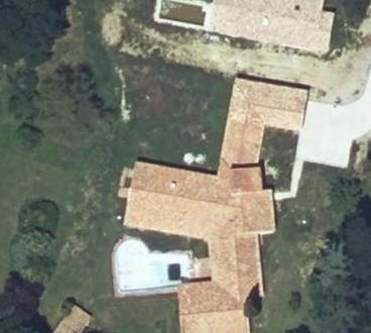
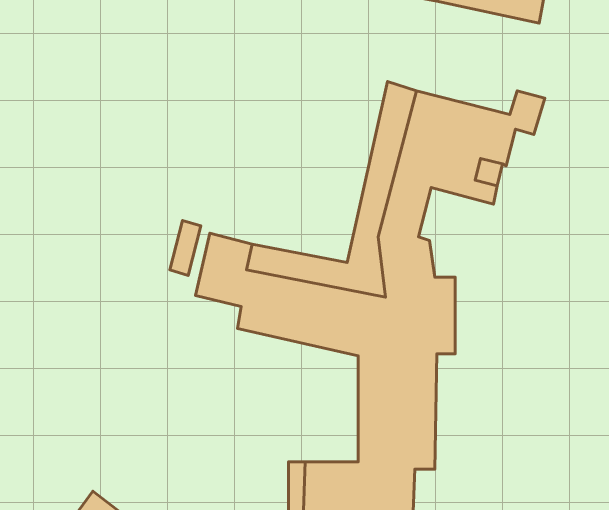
building: [124,196,220,288] -> none

